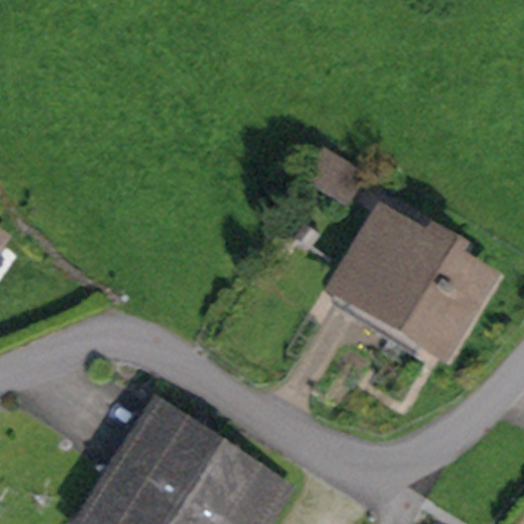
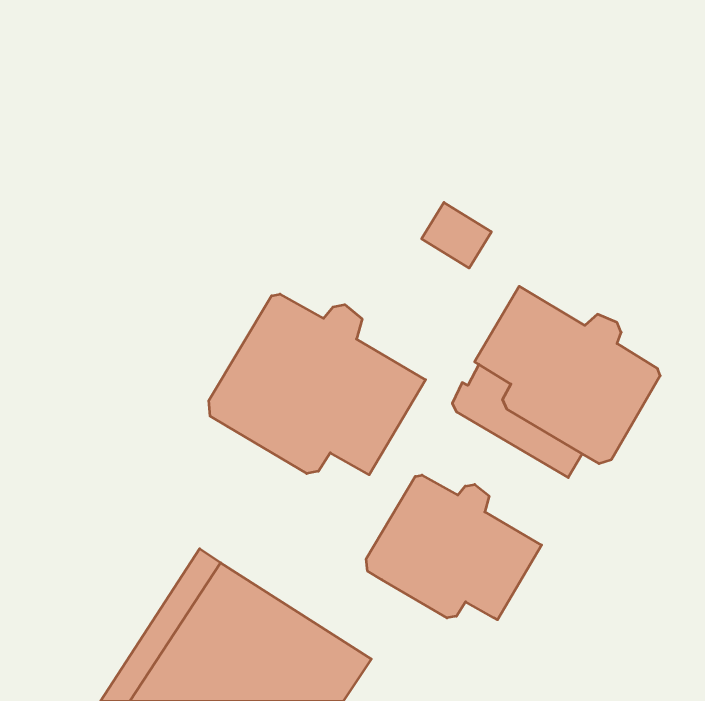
building: none -> [209,294,426,475]
building: none -> [366,475,542,620]

